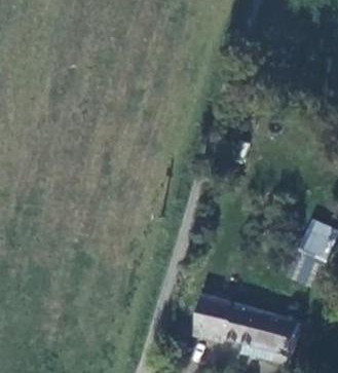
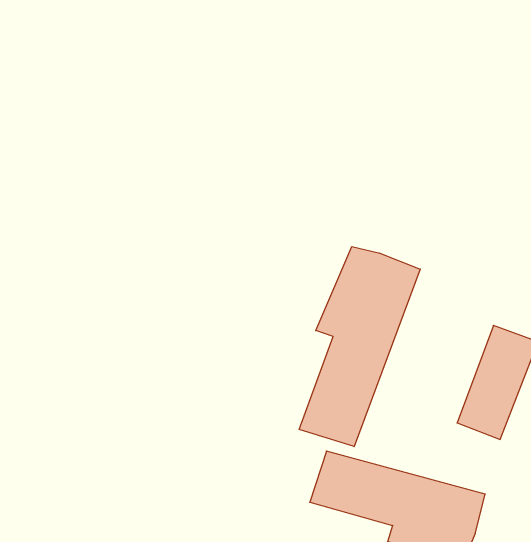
building: none -> [299,247,420,447]

